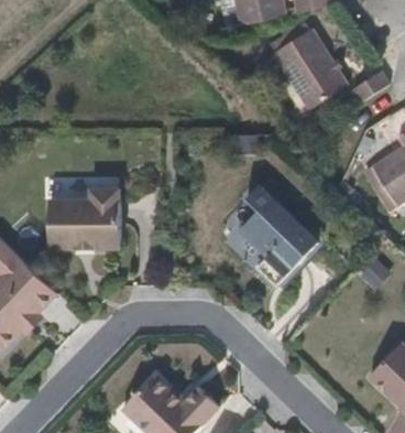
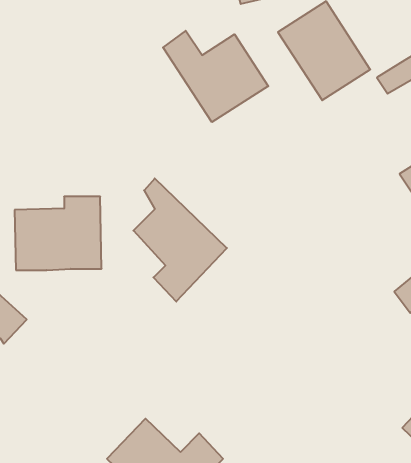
building: none -> [163,31,268,122]
building: [241,186,318,288] -> [133,178,227,302]

